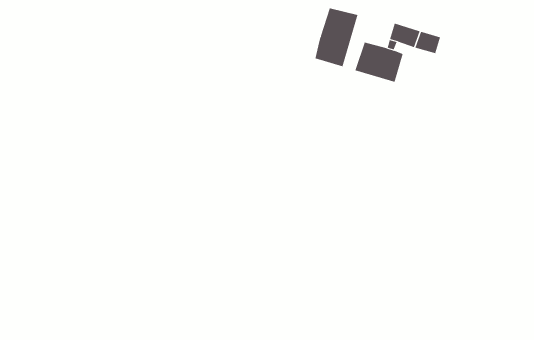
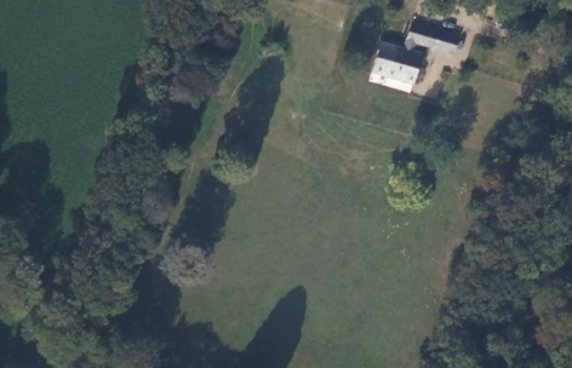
building: [315,8,358,67] -> none

